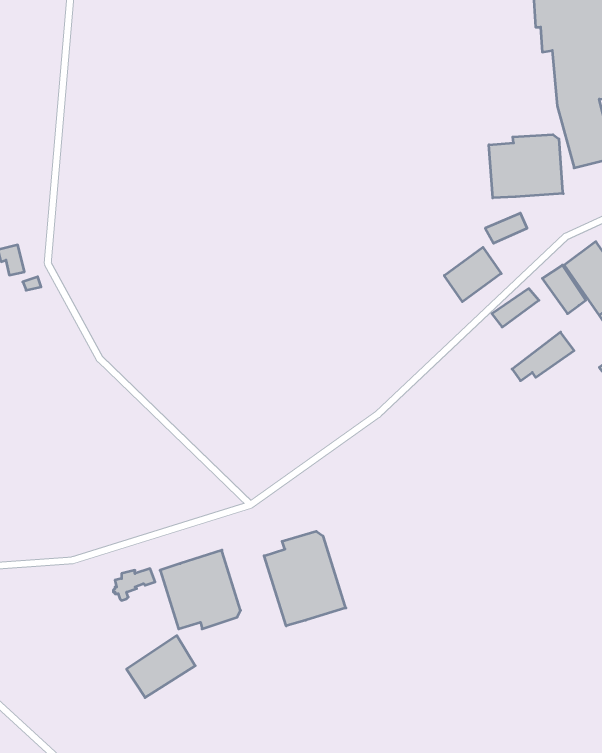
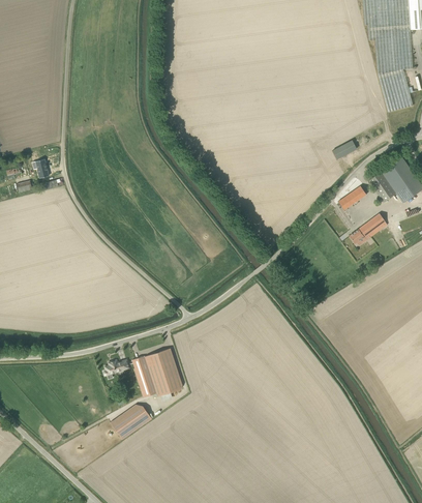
building: [489,135,563,198] -> none
building: [444,247,501,302] -> none
building: [264,531,346,626] -> none

